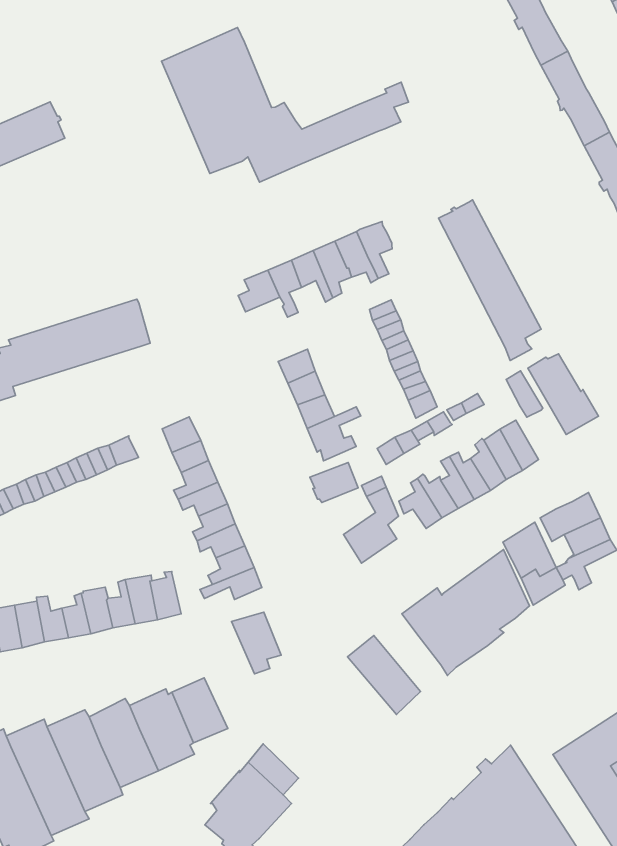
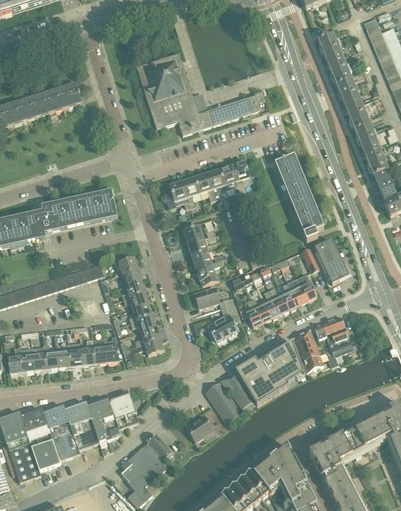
building: [231,612,281,674] -> none
building: none -> [221,370,256,412]
building: none -> [186,413,214,440]

